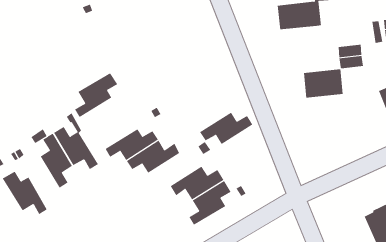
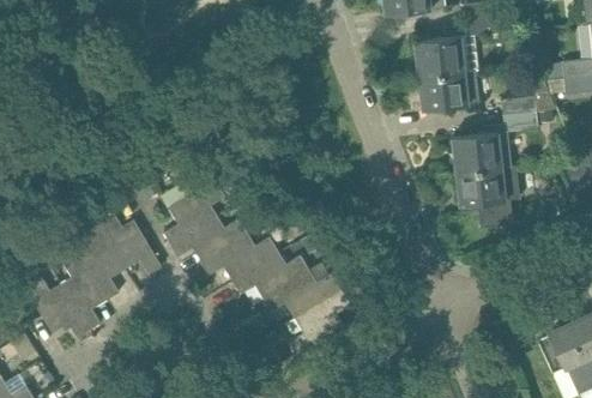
building: none -> [418,70,479,110]
building: [74,72,118,118] -> [163,180,225,245]
building: none -> [455,167,519,228]
building: [199,112,253,145] -> [231,251,308,297]
building: none -> [62,255,105,331]

